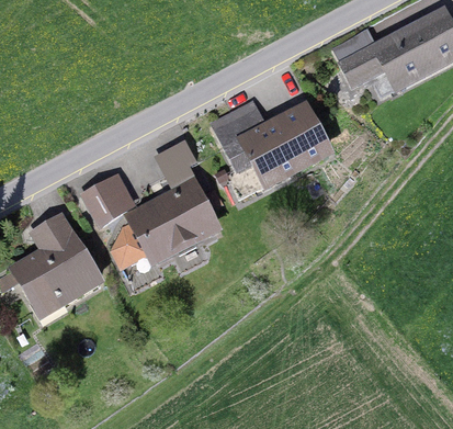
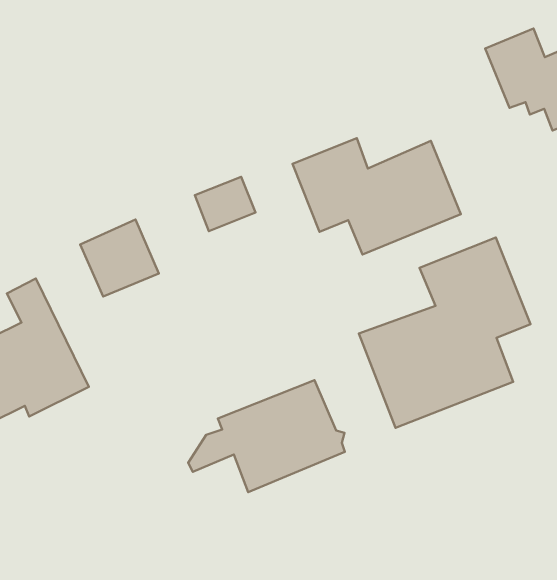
building: none -> [359,237,531,428]
building: [114,185,213,260] -> [188,380,345,492]

